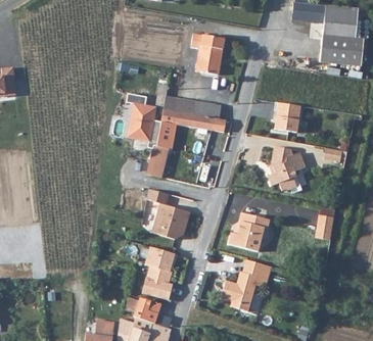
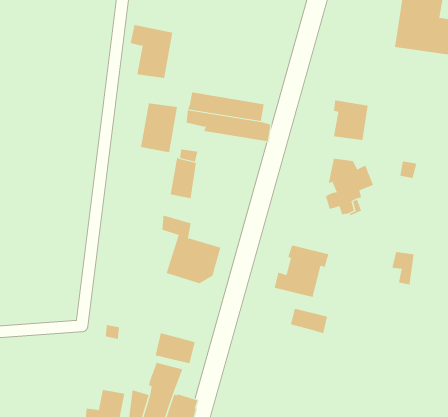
building: [192,33,225,74] -> [130,24,173,78]
building: [141,246,175,283] -> none
building: [221,271,257,309] -> none

